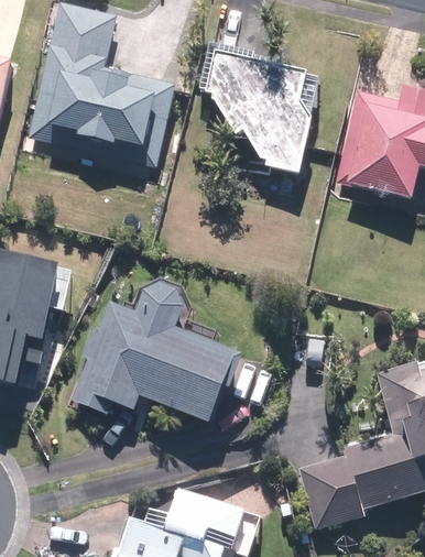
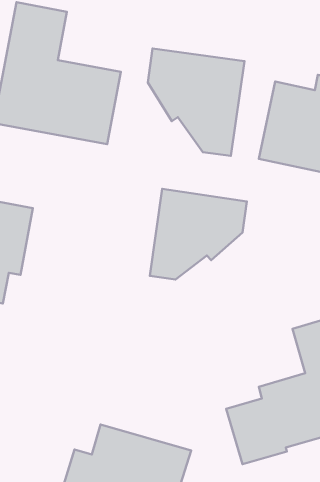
building: none -> [150,189,247,280]
building: [69,279,239,427] -> none

